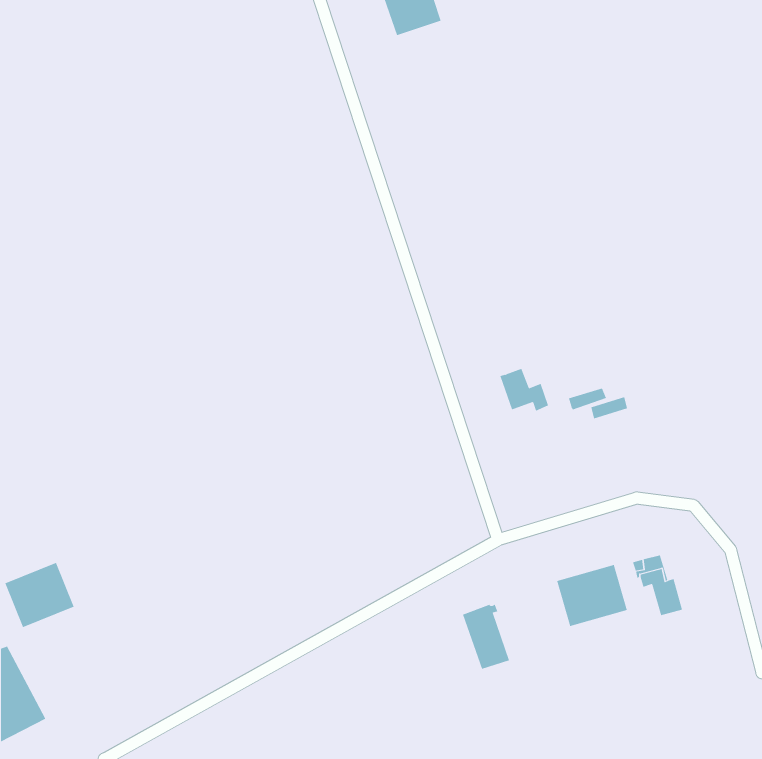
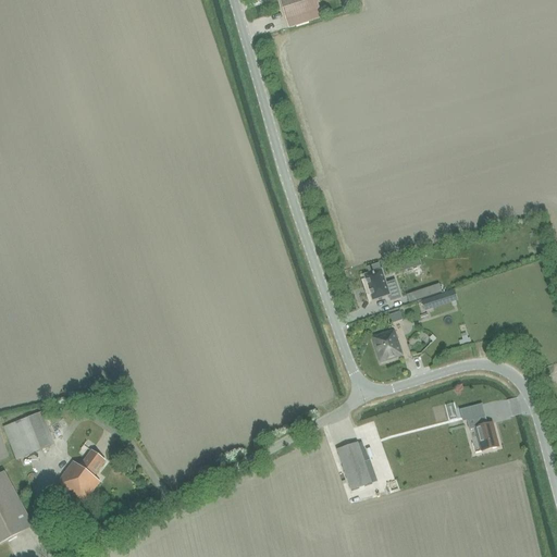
building: none -> [371,329,403,362]
building: [557,564,627,627] -> none
building: none -> [57,451,104,505]

